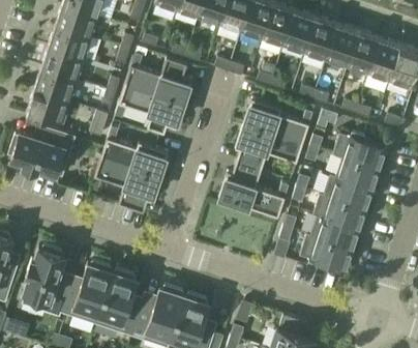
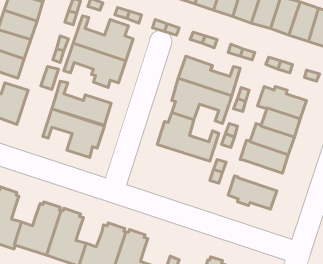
building: [310,216,360,251] -> none

